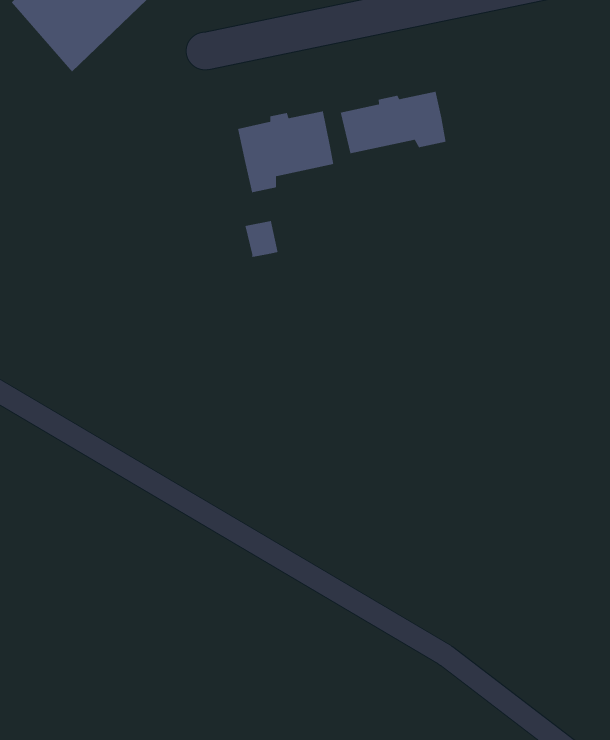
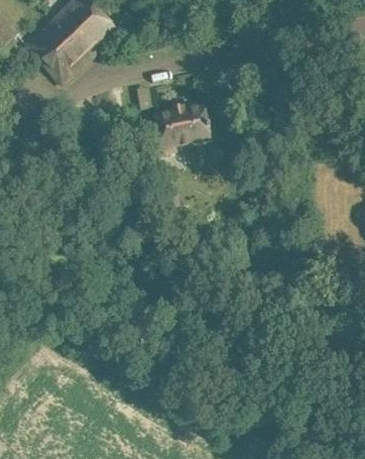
building: [340,91,447,154] -> none

